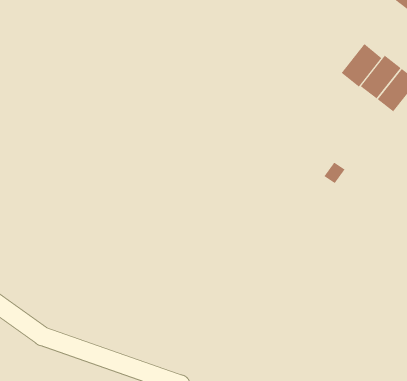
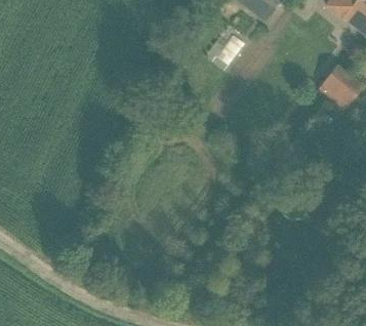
building: [341,43,382,88] -> none

